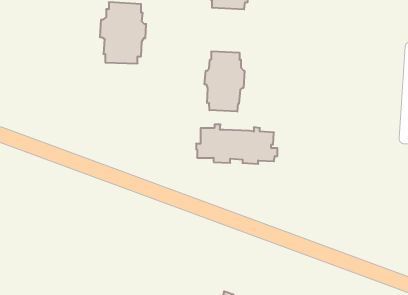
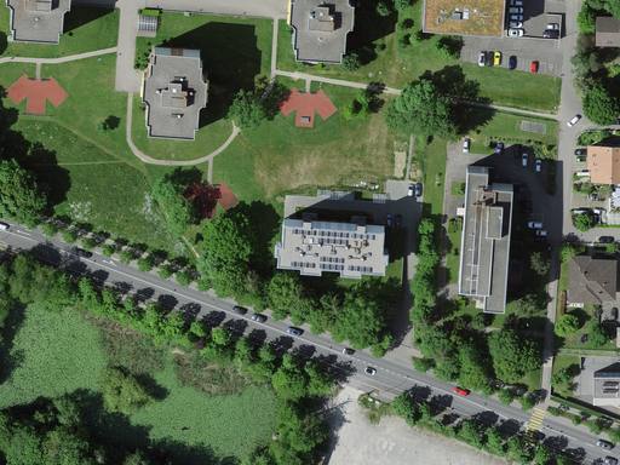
building: [204,51,244,112] -> none
building: none -> [460,168,515,305]

